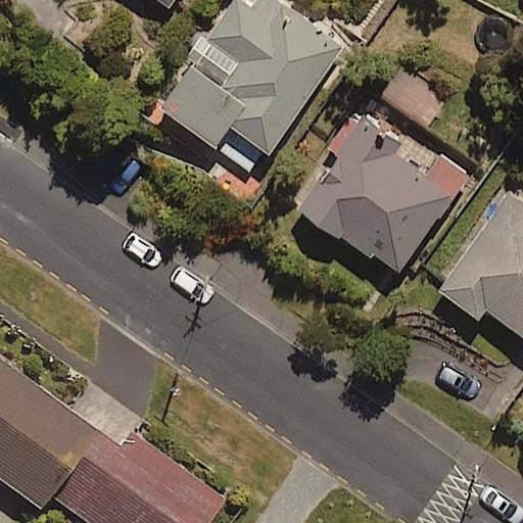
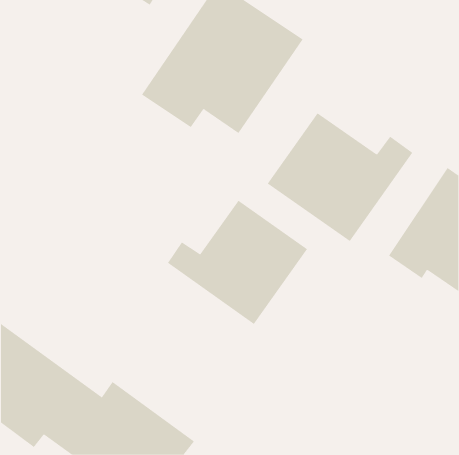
building: none -> [167,200,308,325]

